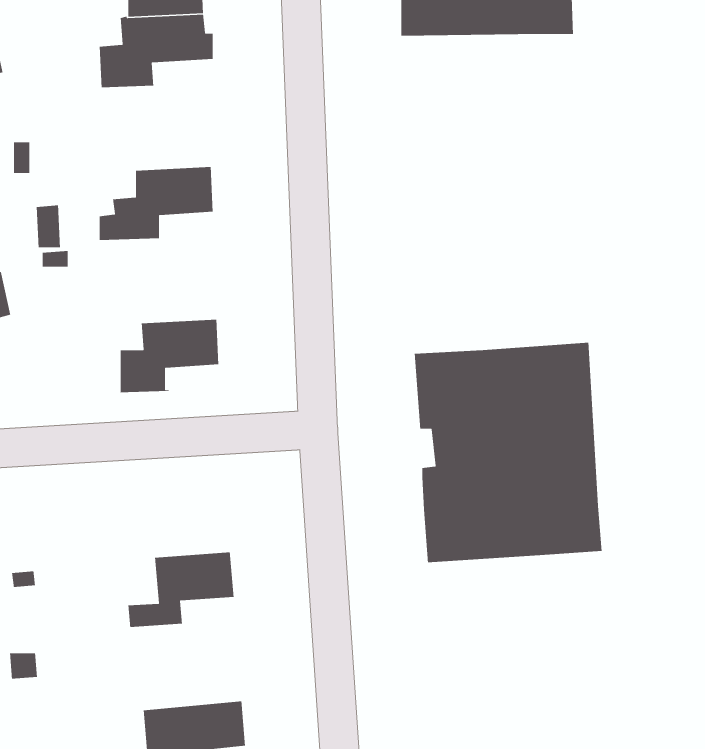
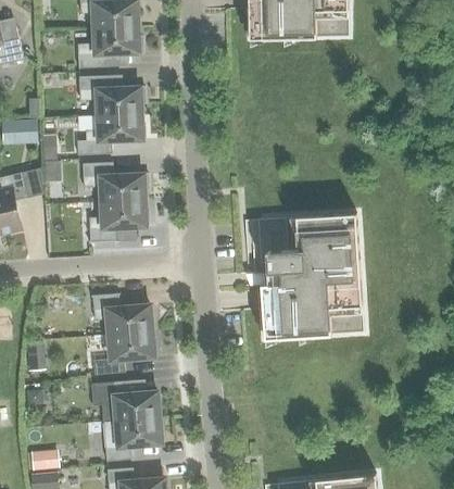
building: none -> [79,75,146,115]
building: none -> [83,162,150,201]
building: none -> [91,293,153,335]
building: none -> [91,380,160,422]

